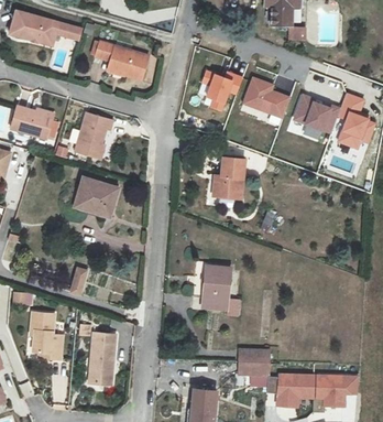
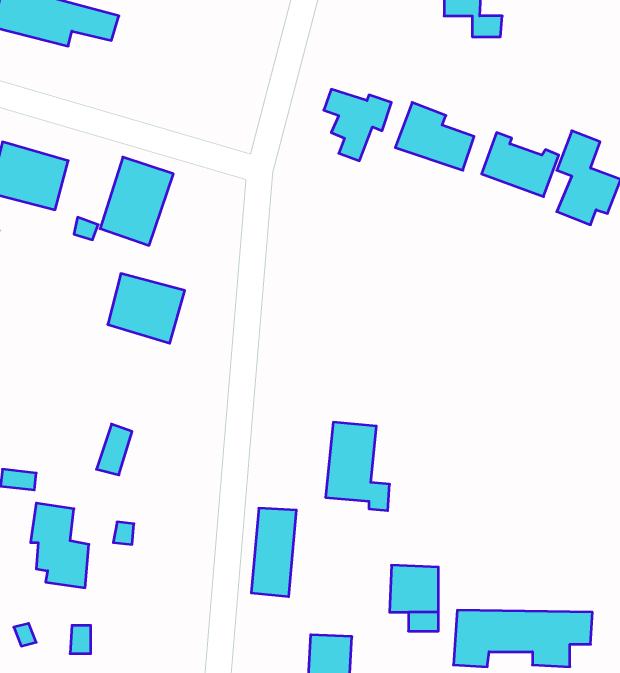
building: [92,41,146,79] -> none
building: [212,158,247,199] -> none
building: [89,333,116,385] -> [251,508,296,597]

